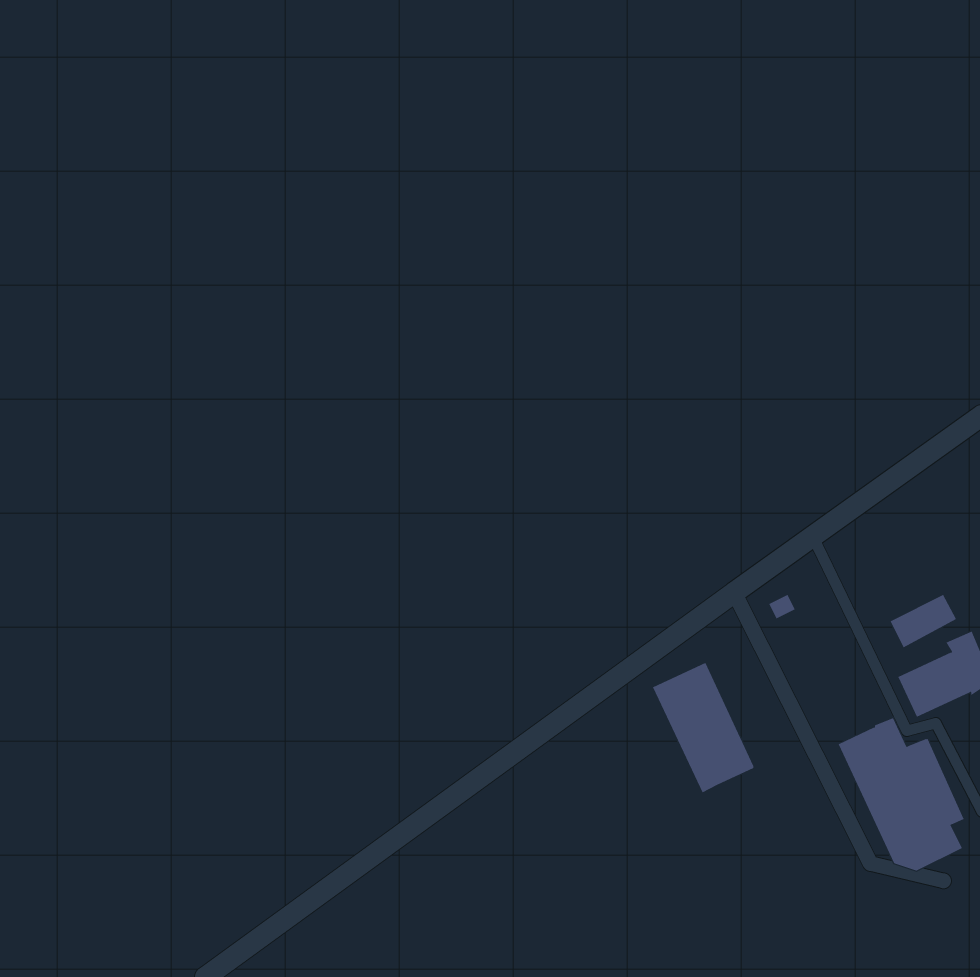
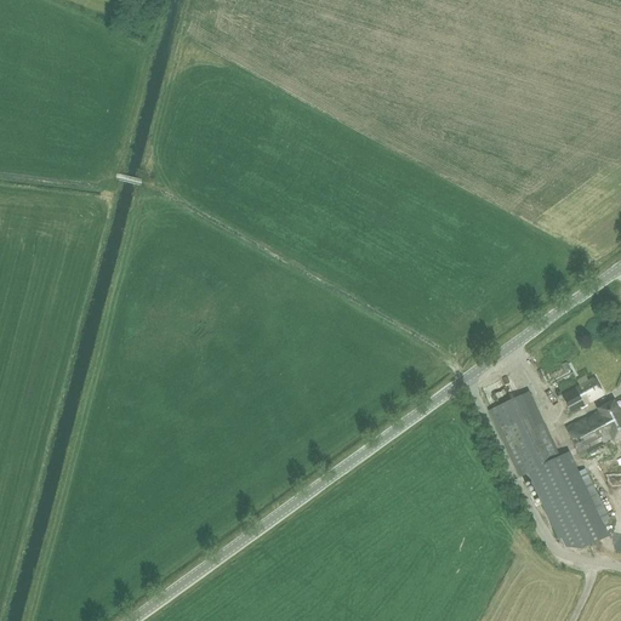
building: [652,662,754,793] -> [489,392,553,474]

